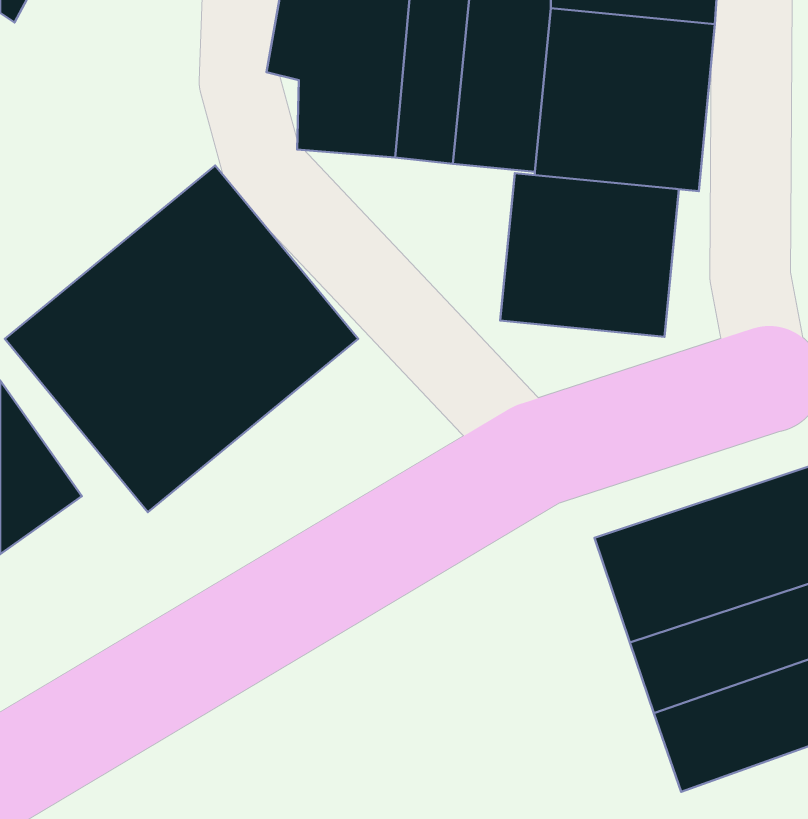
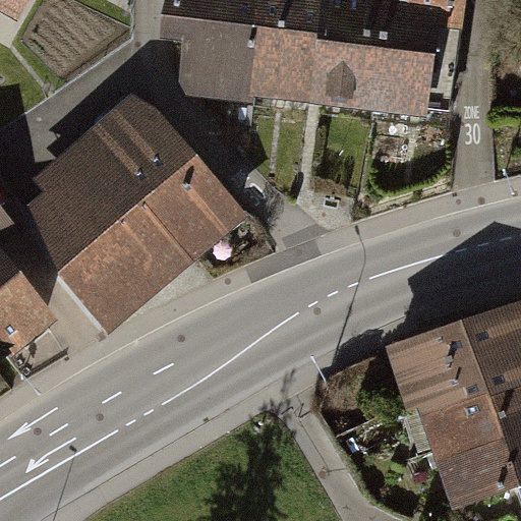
building: [500,173,679,337] -> none

